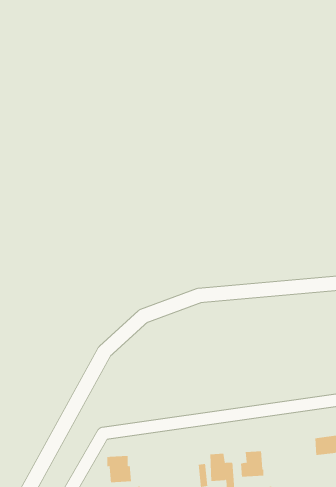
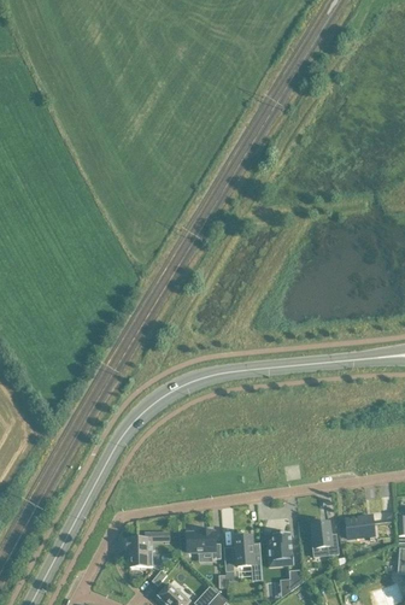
building: none -> [311,522,339,554]
building: none -> [187,530,221,559]

